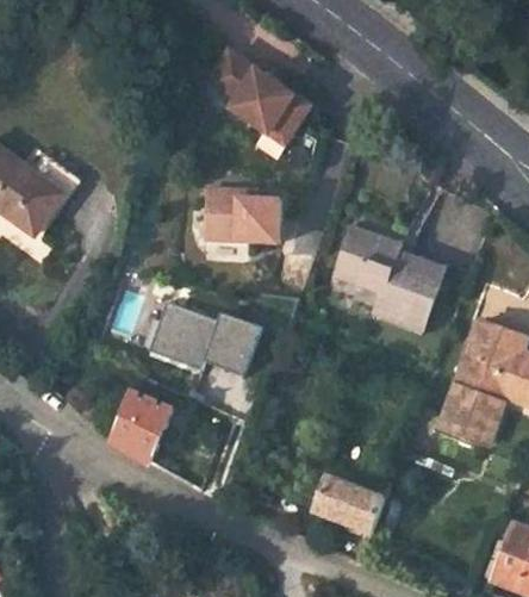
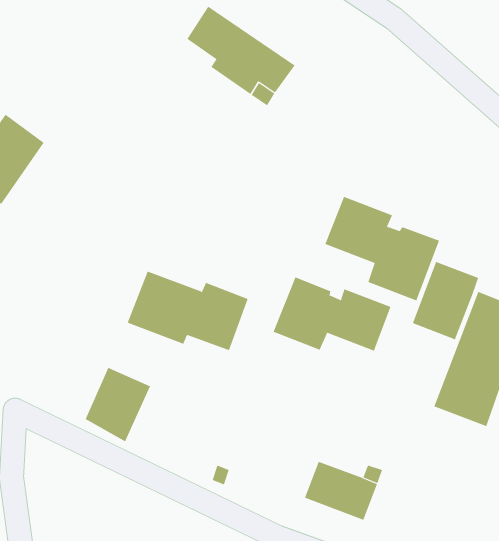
building: [201,189,276,243] -> none
building: none -> [412,261,479,340]
building: none -> [273,276,391,351]

